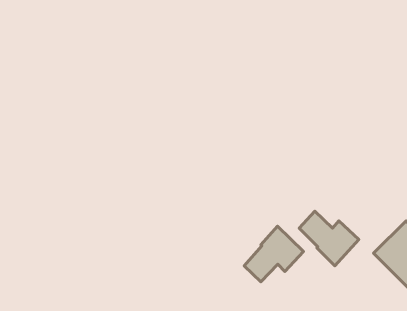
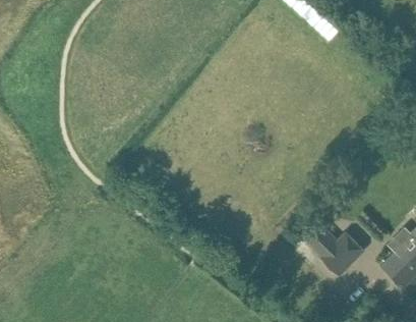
building: [244,226,304,282] -> none

